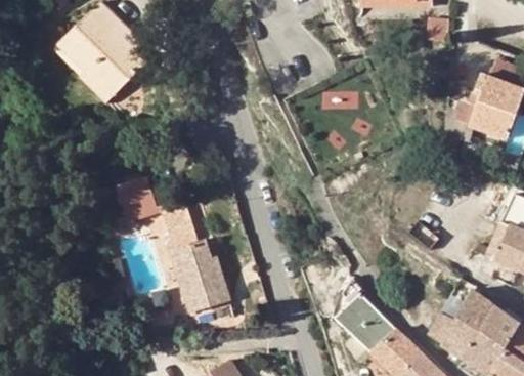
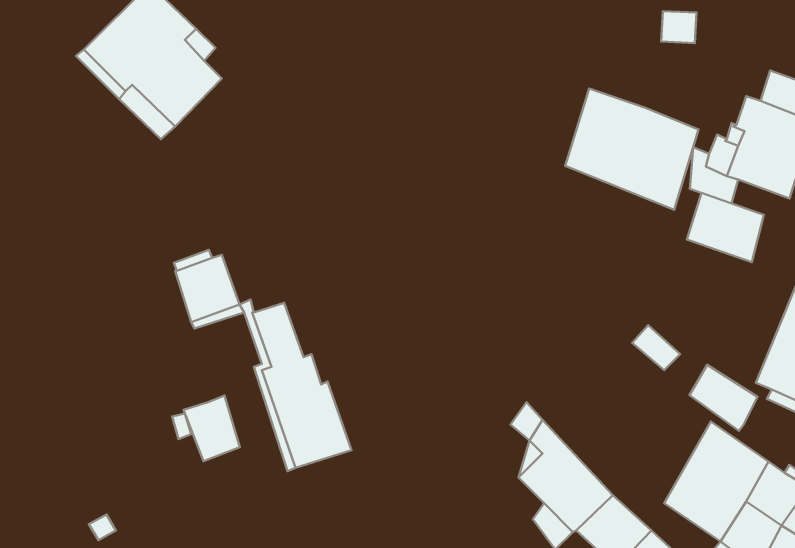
building: none -> [565,88,699,210]
building: none -> [687,193,764,262]
building: none -> [690,365,758,431]
building: none -> [183,396,240,461]

